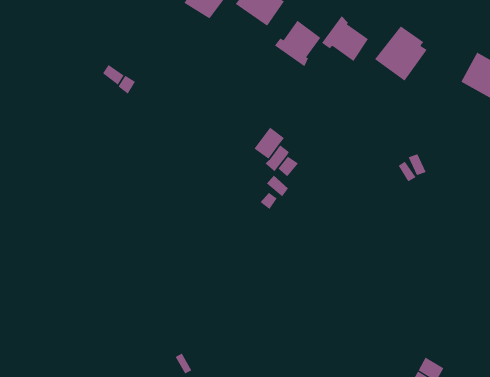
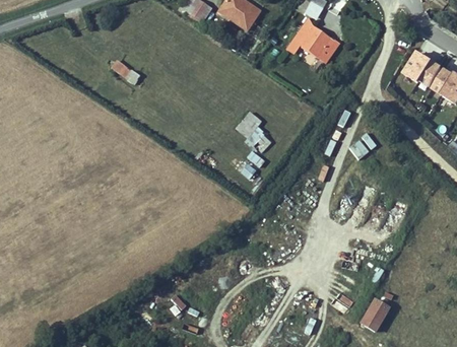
building: [274,20,321,67] -> none
building: [374,26,428,81] -> none

